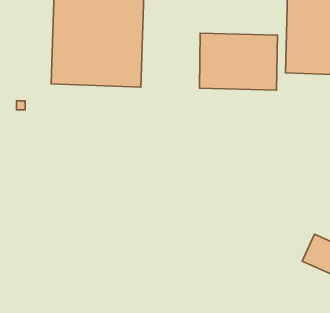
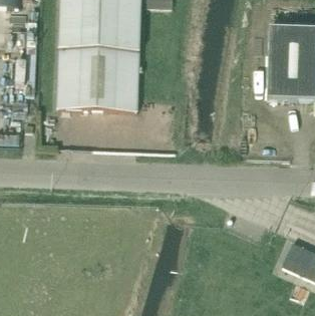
building: [199,33,277,90] -> none

